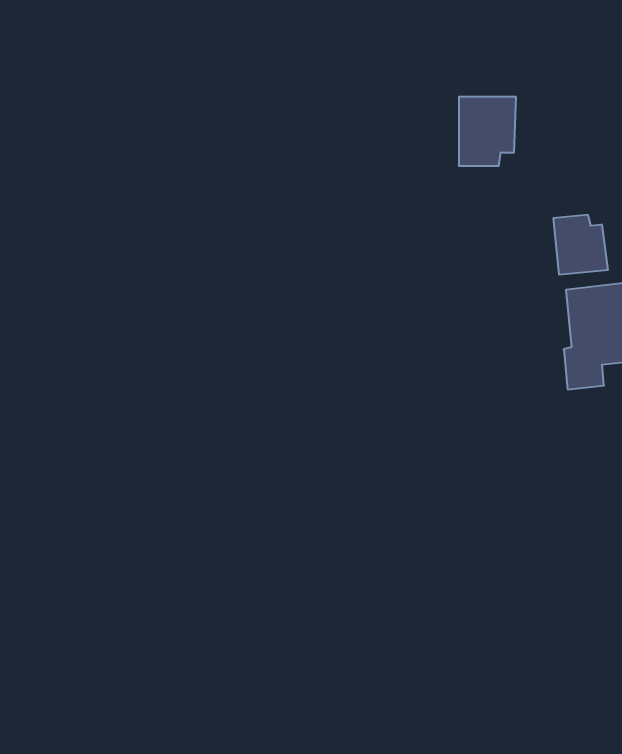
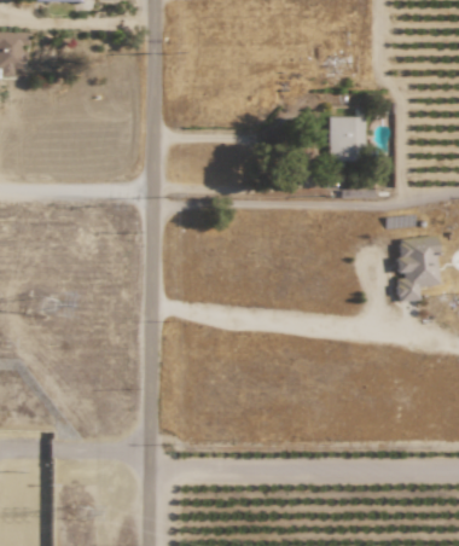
building: [554,215,608,275] -> none

